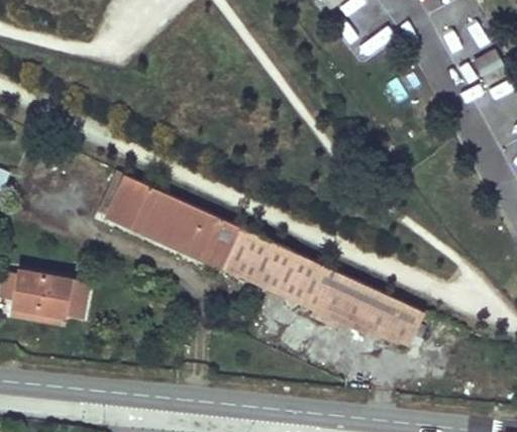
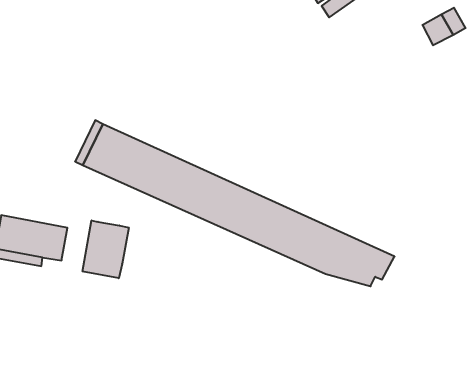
building: none -> [83,220,129,278]

